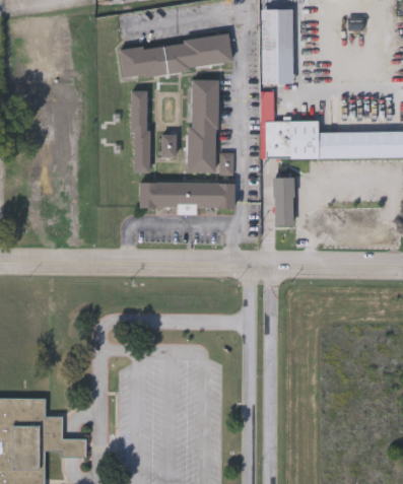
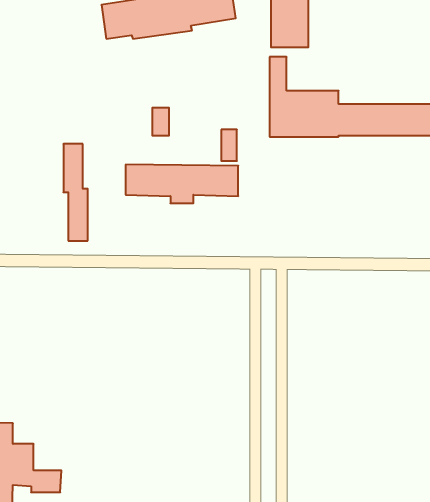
building: [188,81,219,174] -> none
building: [130,92,150,174] -> [63,144,88,241]
building: [273,178,293,223] -> none

